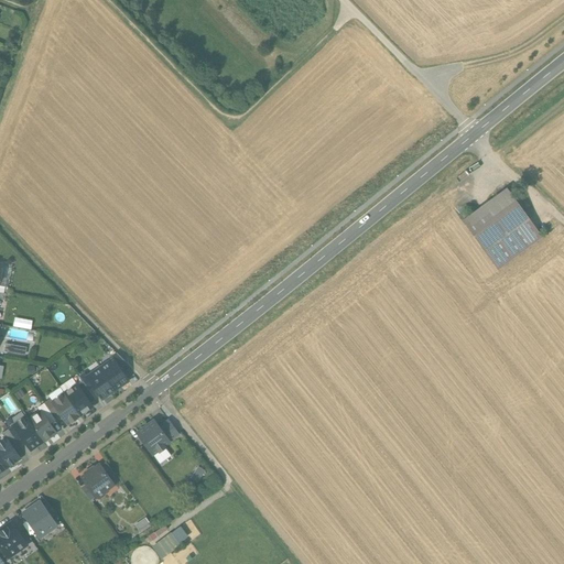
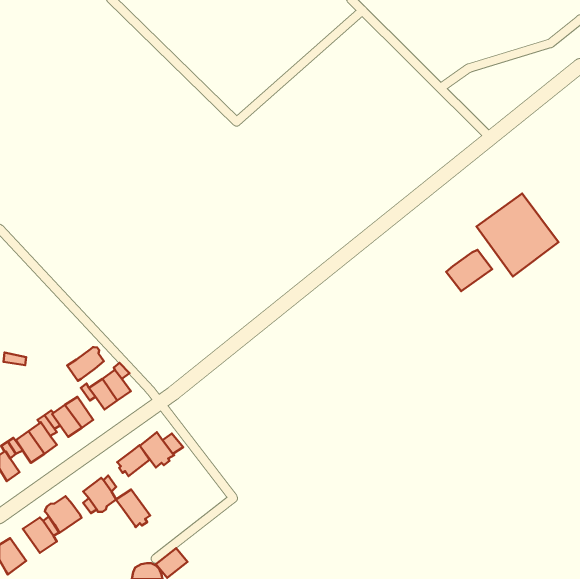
building: none -> [446,250,492,291]
building: none -> [67,347,104,381]
building: none -> [117,445,150,476]
building: none -> [116,489,150,527]
building: none -> [45,496,81,533]

